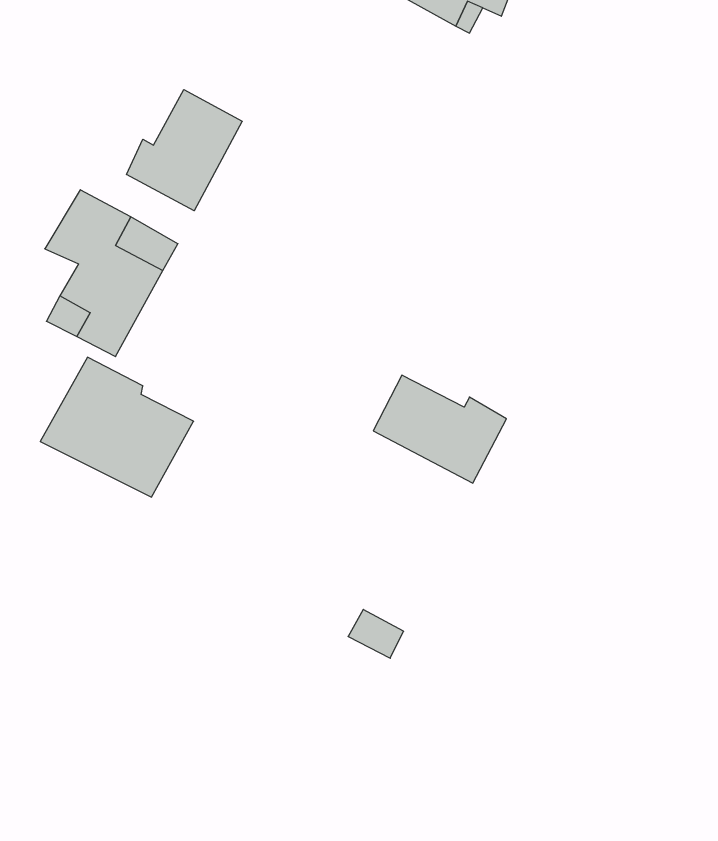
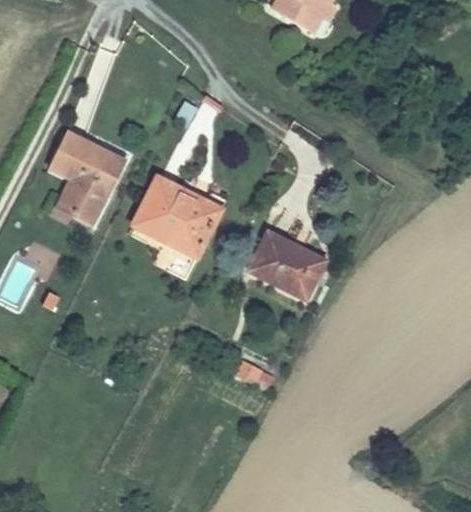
building: [127,90,242,211] -> none
building: [40,357,194,497] -> [131,174,222,257]

